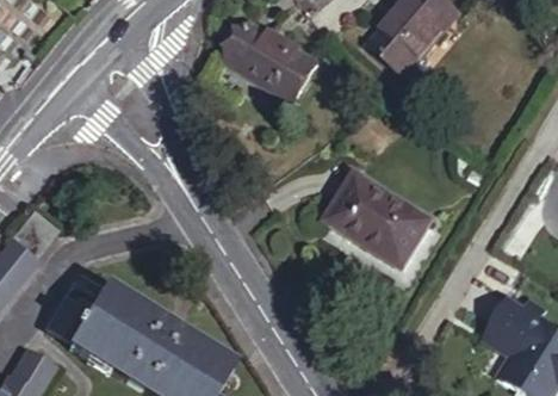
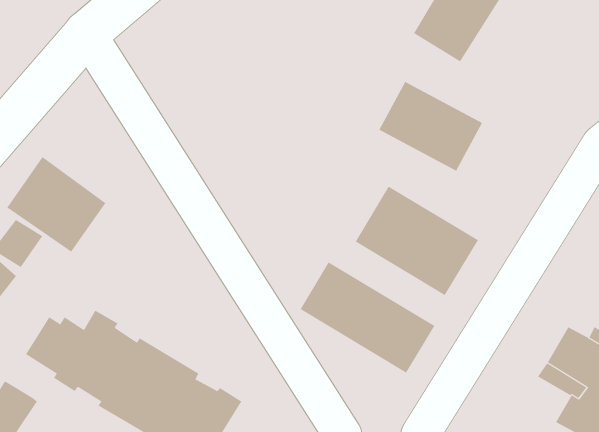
building: [227,26,316,104] -> [378,81,483,171]
building: none -> [7,156,106,253]
building: none -> [300,261,435,374]

